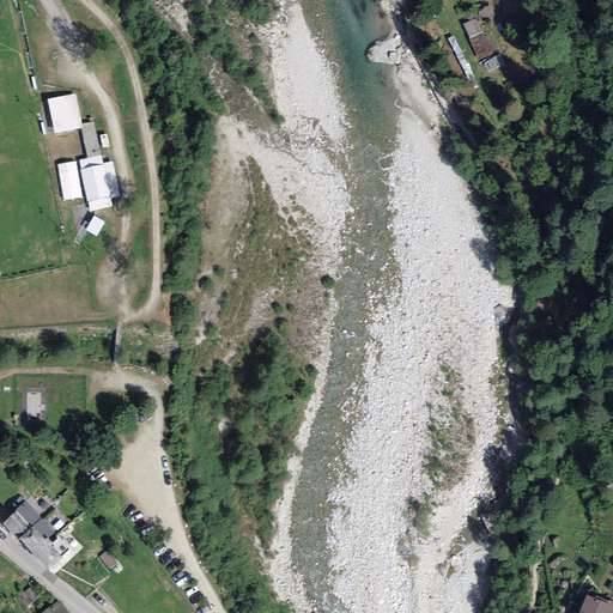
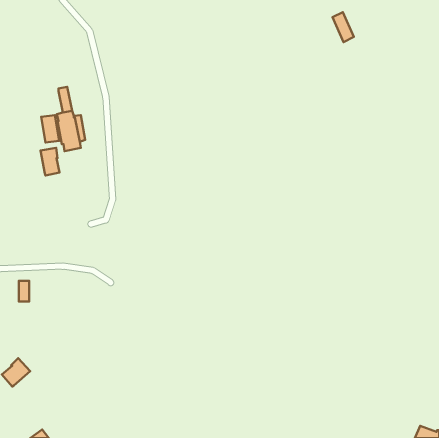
building: [48,92,81,133] -> none
building: none -> [41,148,59,175]
building: [19,517,62,570] -> none

